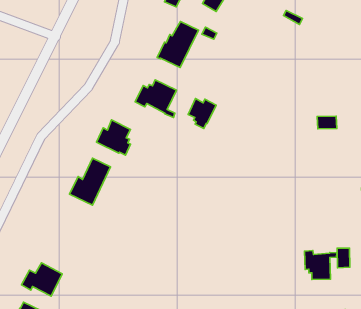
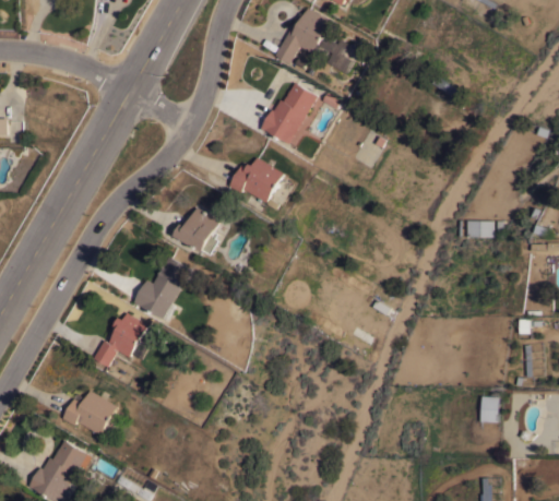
building: [188,99,216,128] -> none
building: none -> [94,313,147,367]
building: [305,250,337,280] -> none

